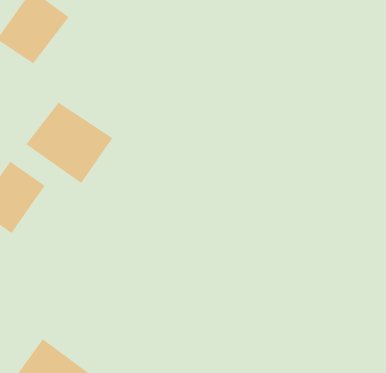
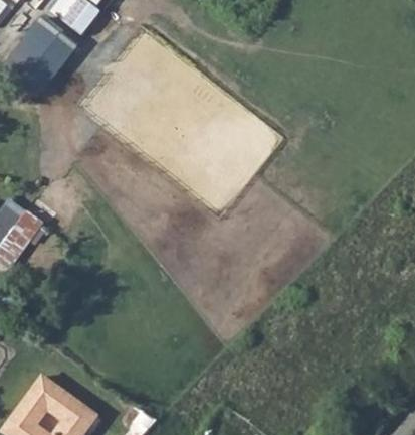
building: [26,102,113,184] -> none

